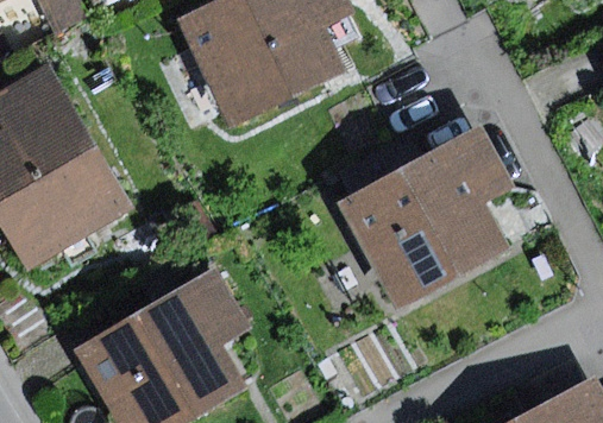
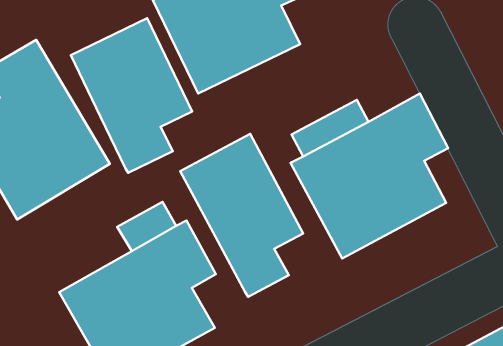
building: none -> [71,18,192,173]
building: none -> [180,134,303,297]

